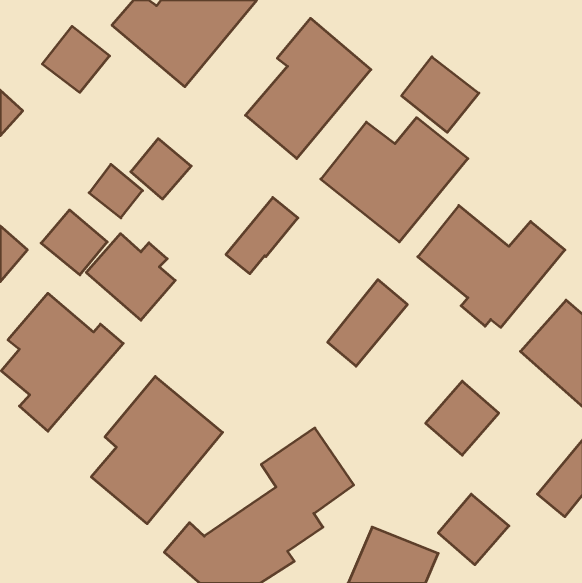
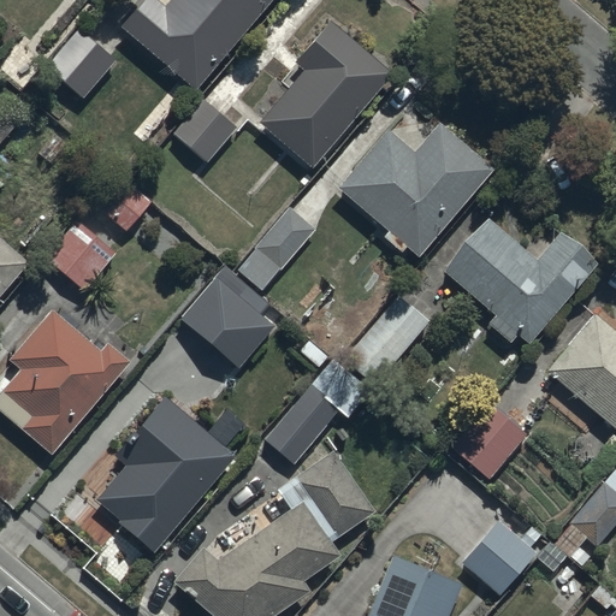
building: [402,57,479,132] -> none
building: [131,139,191,199] -> [174,99,238,162]
building: [86,234,175,320] -> [179,283,273,374]
building: none -> [263,359,371,466]

